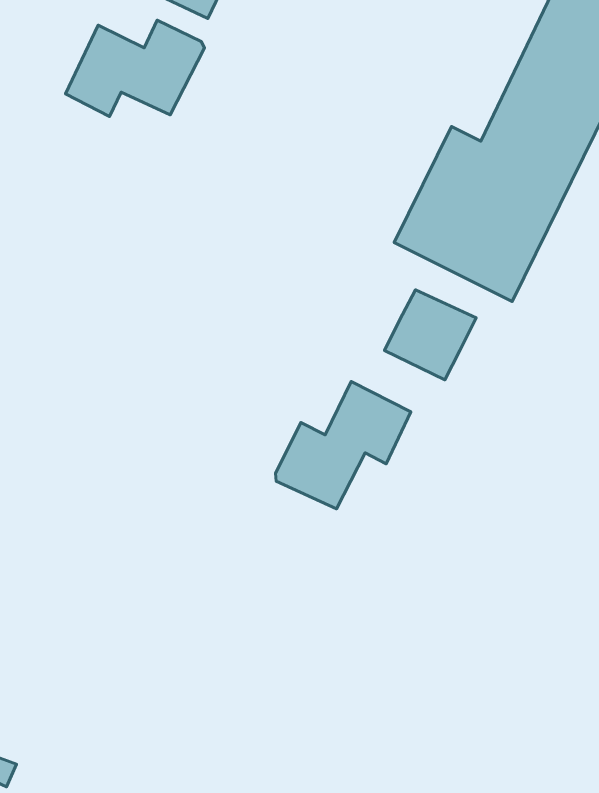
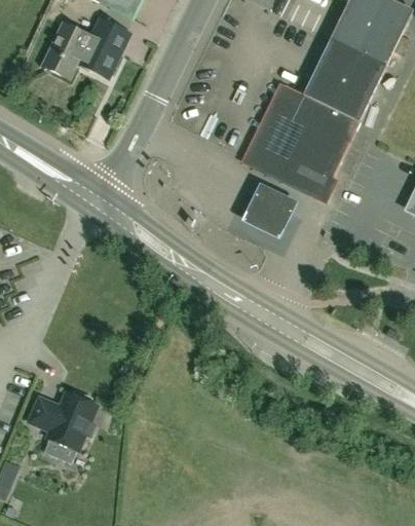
building: [275,381,411,509] -> none
building: none -> [29,389,98,461]

